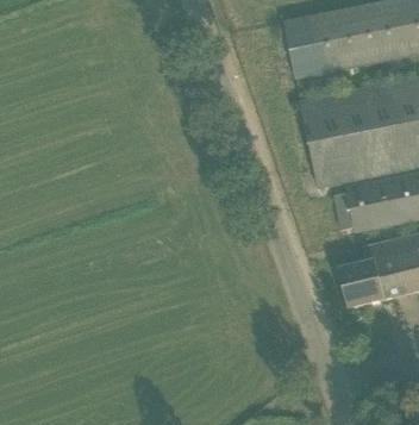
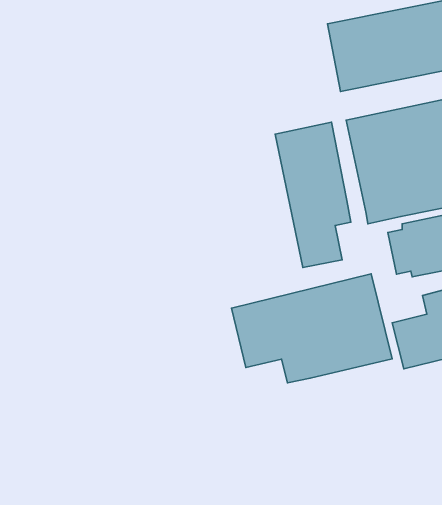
building: none -> [275,122,351,268]
building: none -> [231,274,392,383]

